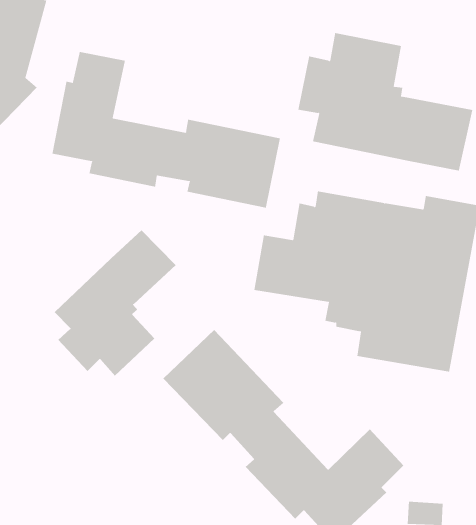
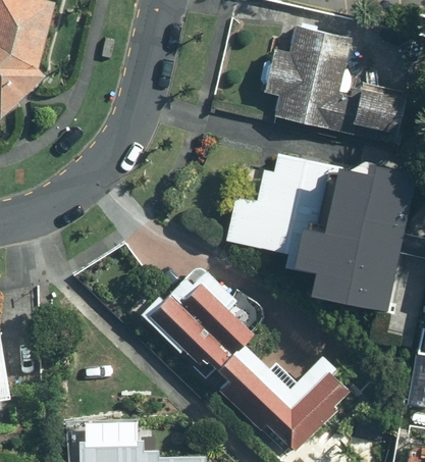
building: [52,51,281,209] -> none
building: [54,230,176,376] -> none

